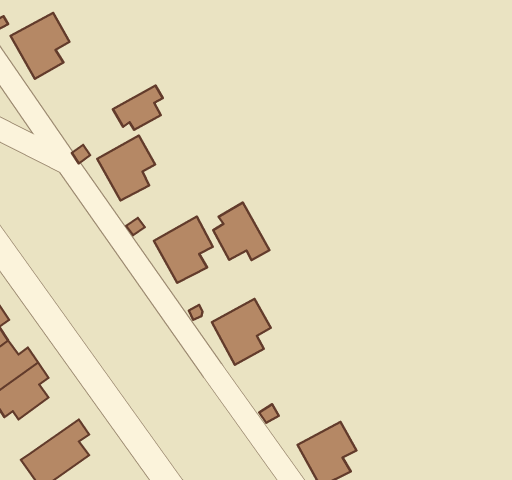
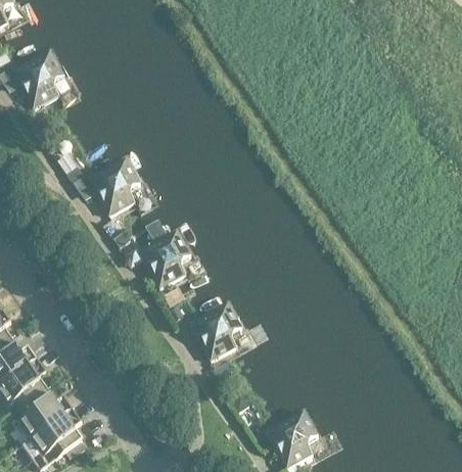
building: [113,85,163,130] -> none
building: [213,202,269,260] -> none
building: none -> [17,390,73,439]

